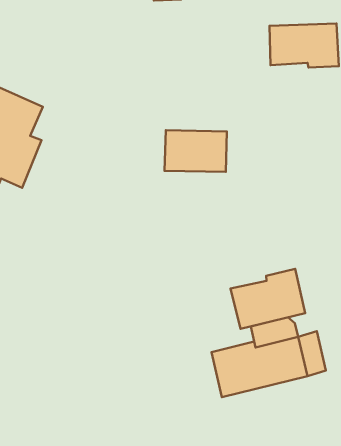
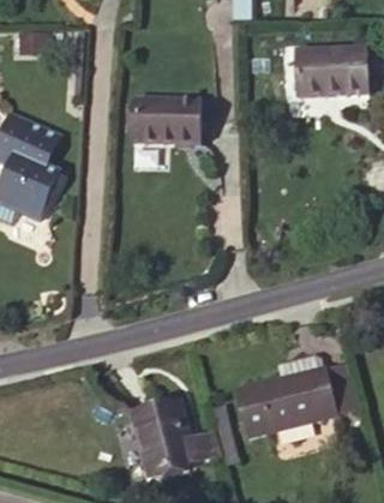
building: [165,130,227,172] -> [134,98,199,142]
building: [231,269,305,329] -> none
building: none -> [132,400,221,473]

